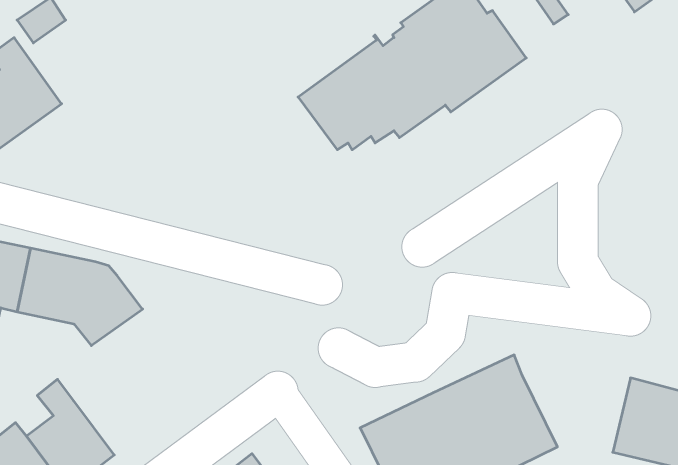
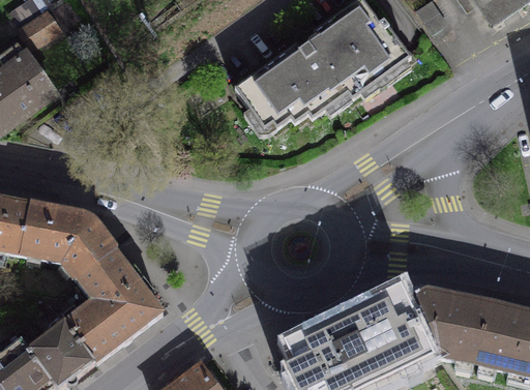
building: none -> [63,250,161,362]
building: none -> [407,291,490,360]

